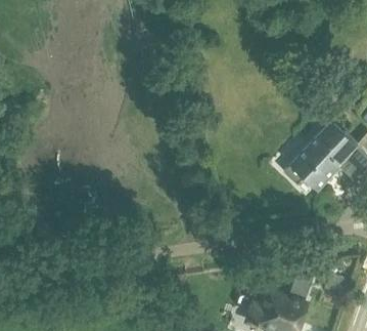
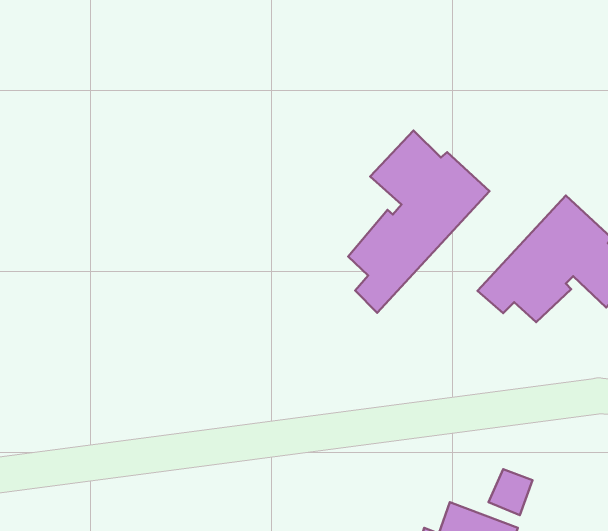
building: none -> [348,131,489,313]

